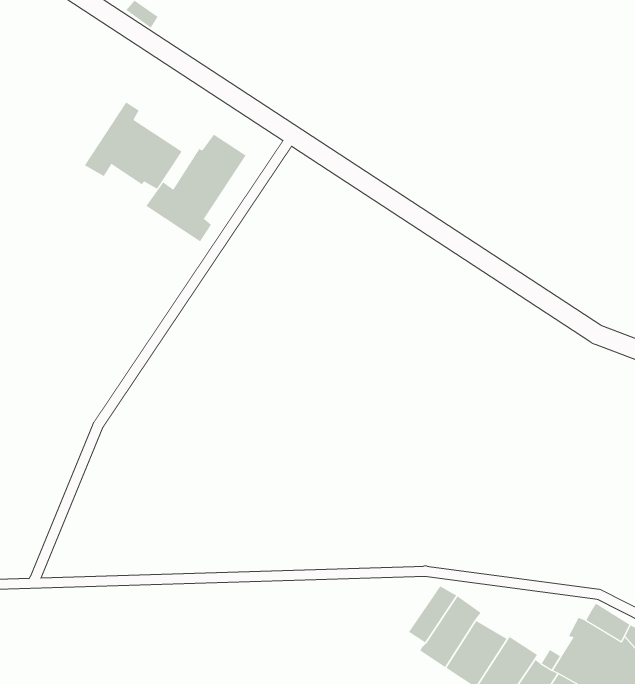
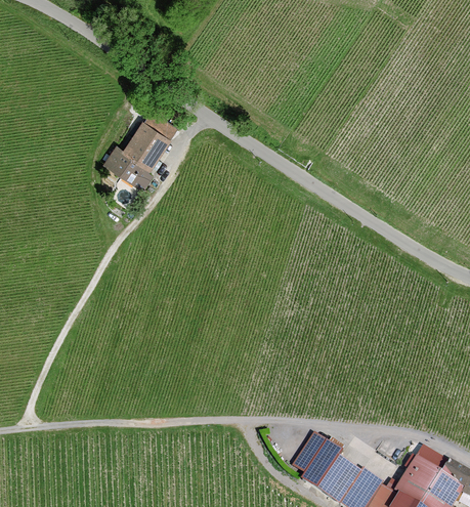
building: [84,101,183,190] -> none

